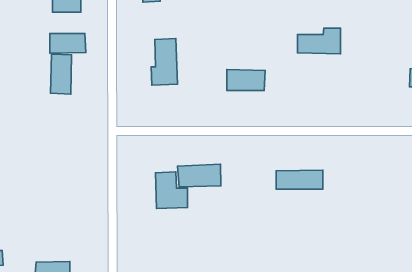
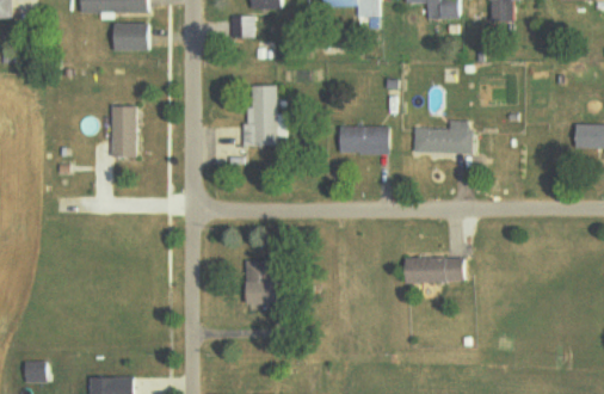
building: [298,28,340,54] -> [413,119,469,153]
building: [50,33,86,53] -> none
building: [178,164,221,187] -> none

